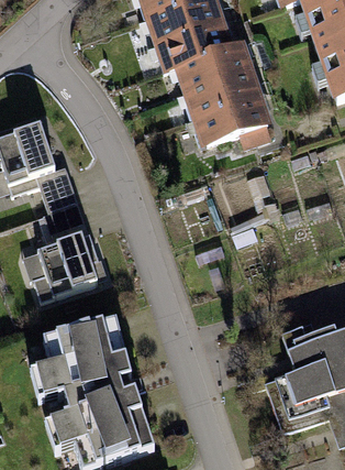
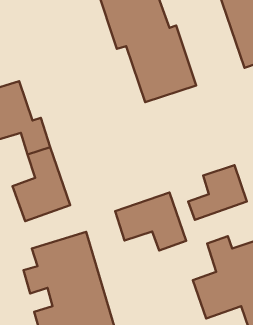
building: none -> [188,165,247,220]
building: none -> [115,193,186,250]

